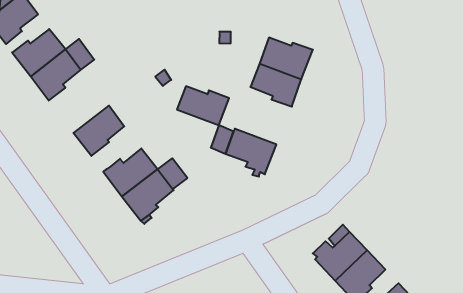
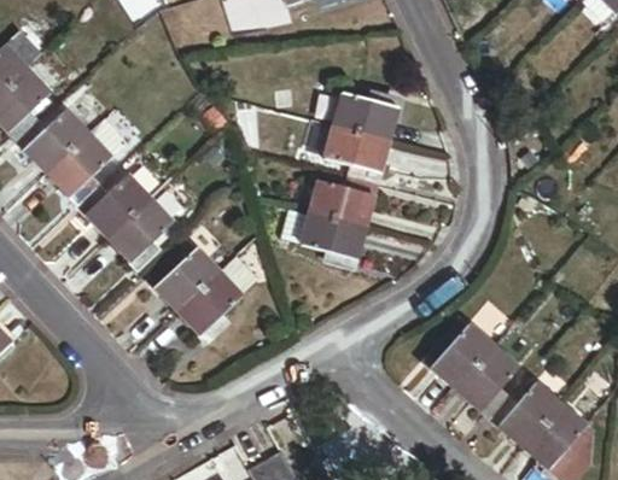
building: none -> [83,174,150,236]
building: [177,86,229,125] -> [310,181,374,226]

